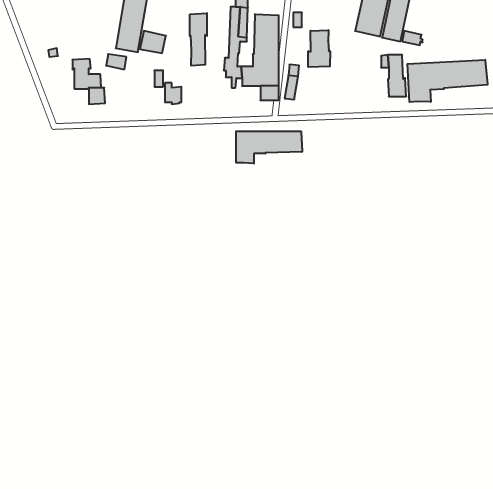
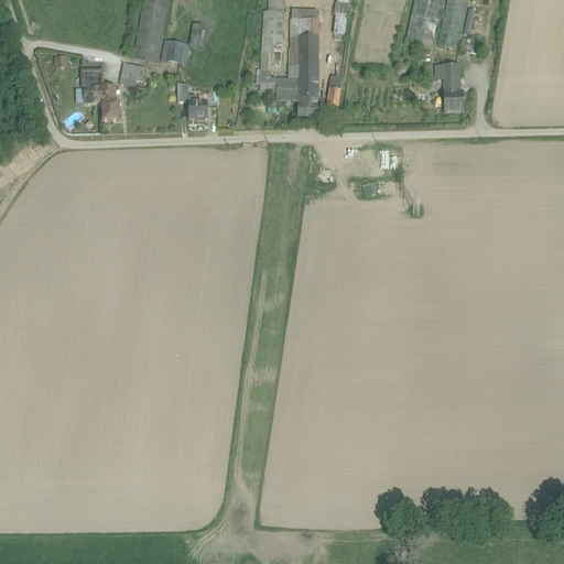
building: [190,13,207,66] -> none
building: [308,30,330,67] -> none
building: [407,60,488,102] -> none
building: [236,131,302,164] -> none

